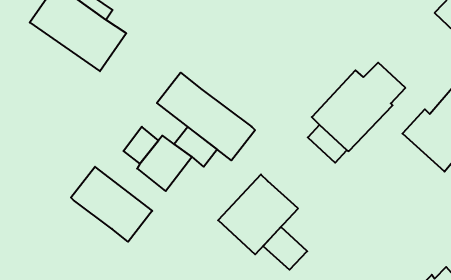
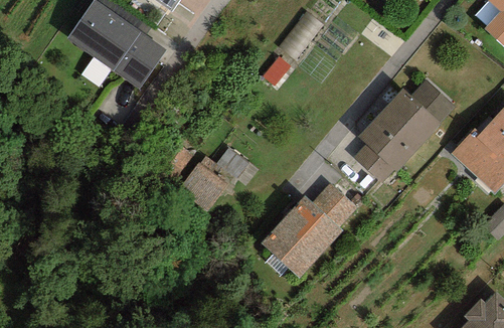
building: [157,73,255,160] -> none
building: [71,167,152,242] -> none
building: [263,227,307,270] -> [312,182,357,226]

